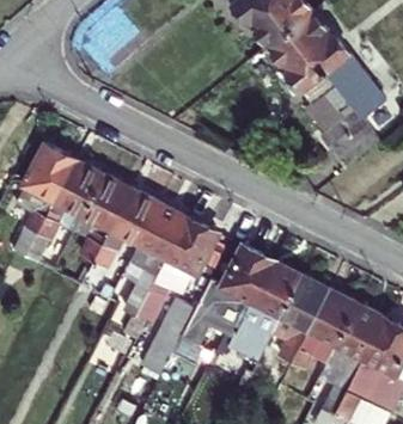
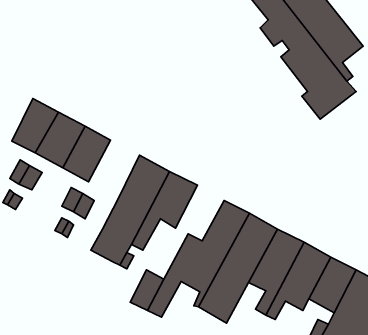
building: [104,183,157,242] -> none

